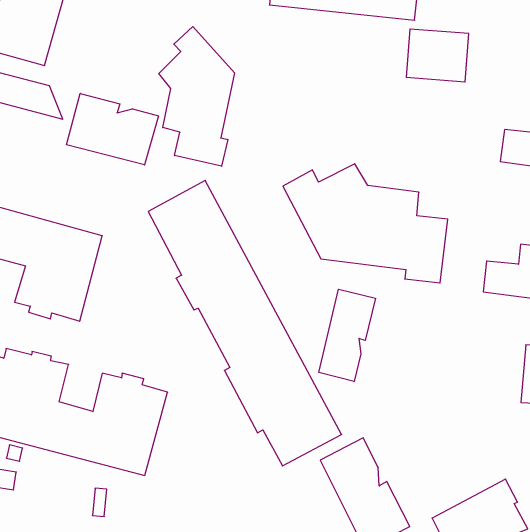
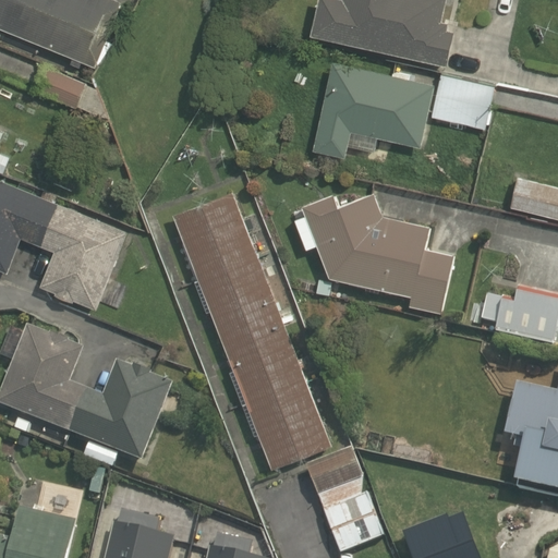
building: [159,27,234,166] -> none
building: none -> [313,62,435,158]
building: [67,93,158,165] -> none
building: [319,289,375,382] -> none

